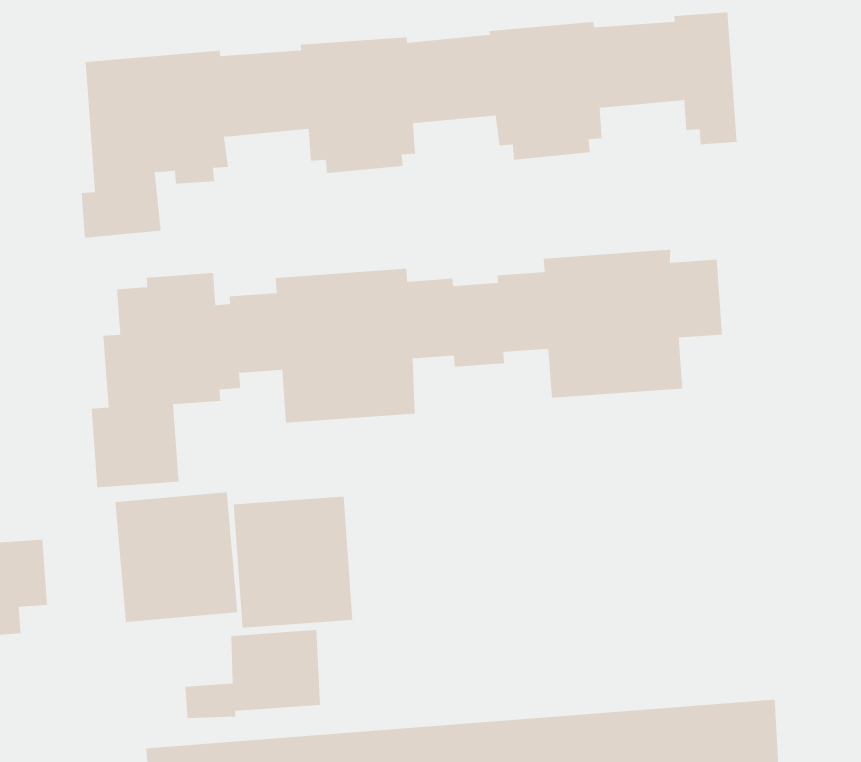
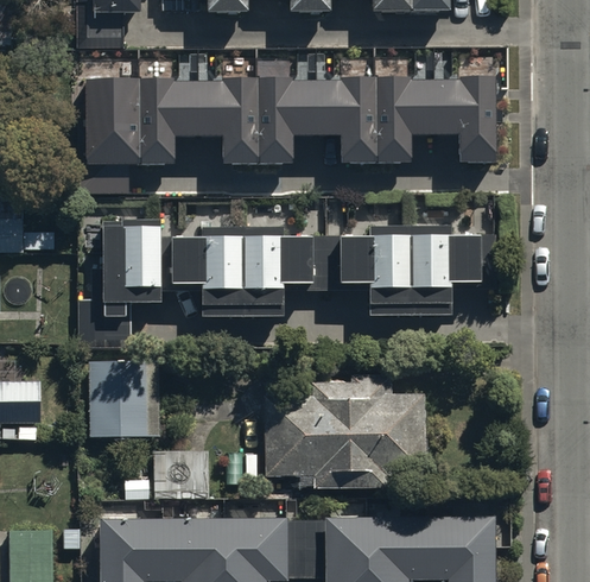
building: none -> [262,374,425,485]
building: [233,496,353,629] -> none

